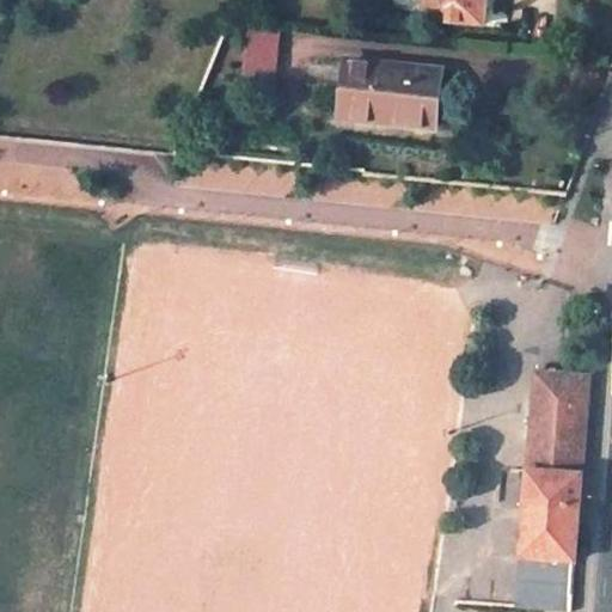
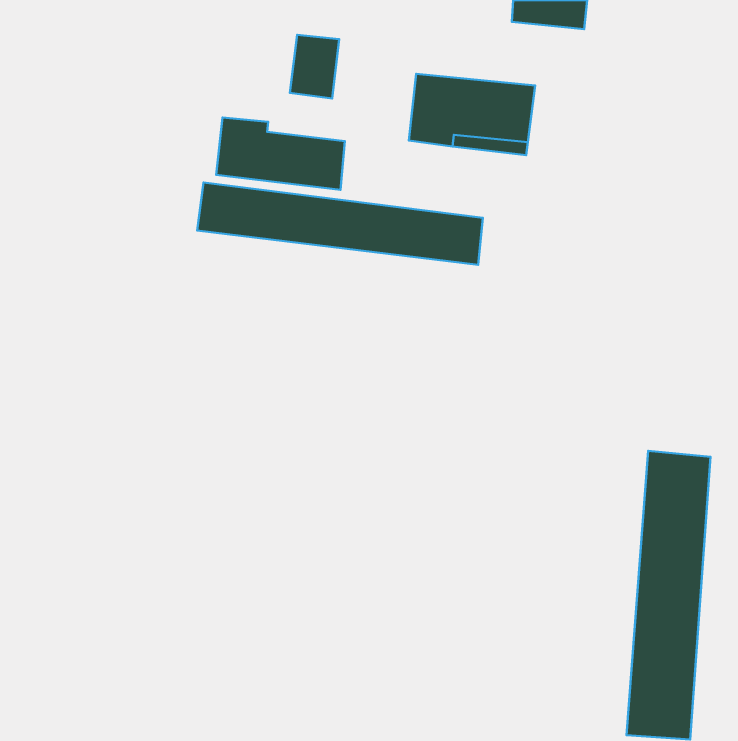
building: none -> [216,118,345,190]
building: none -> [197,183,483,265]

